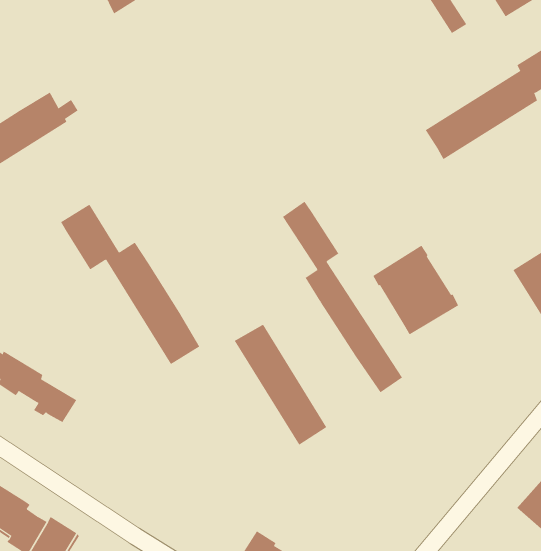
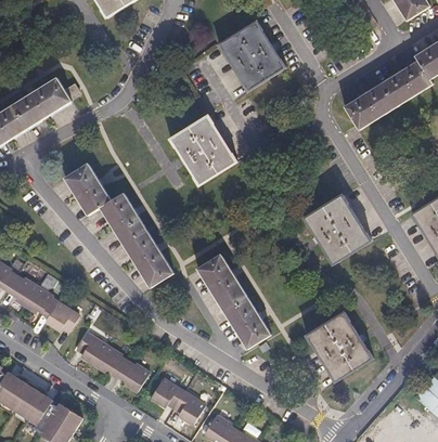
building: none -> [219,22,286,91]
building: none -> [170,116,237,184]
building: [282,201,403,393] -> none
building: none -> [307,311,373,380]
building: none -> [77,330,149,388]
building: none -> [151,376,205,421]

